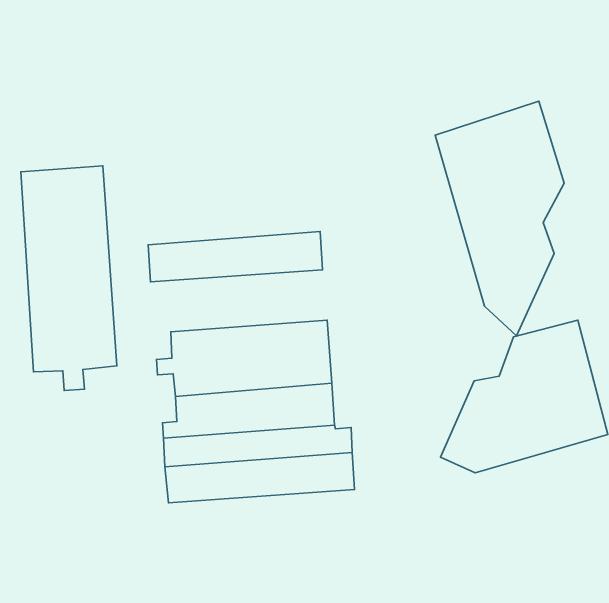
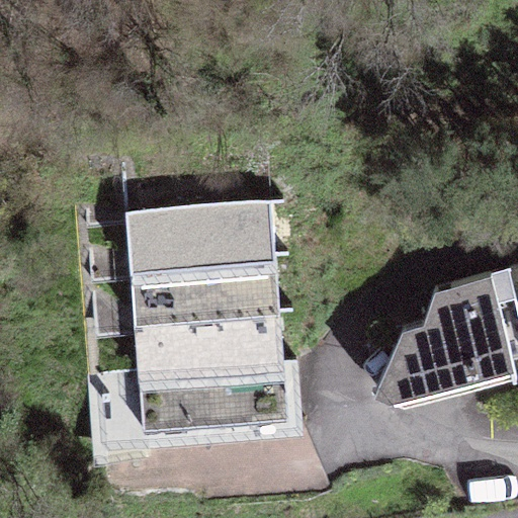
building: [435,101,564,336] -> none
building: [21,166,117,391] -> none
building: none -> [127,235,277,287]

